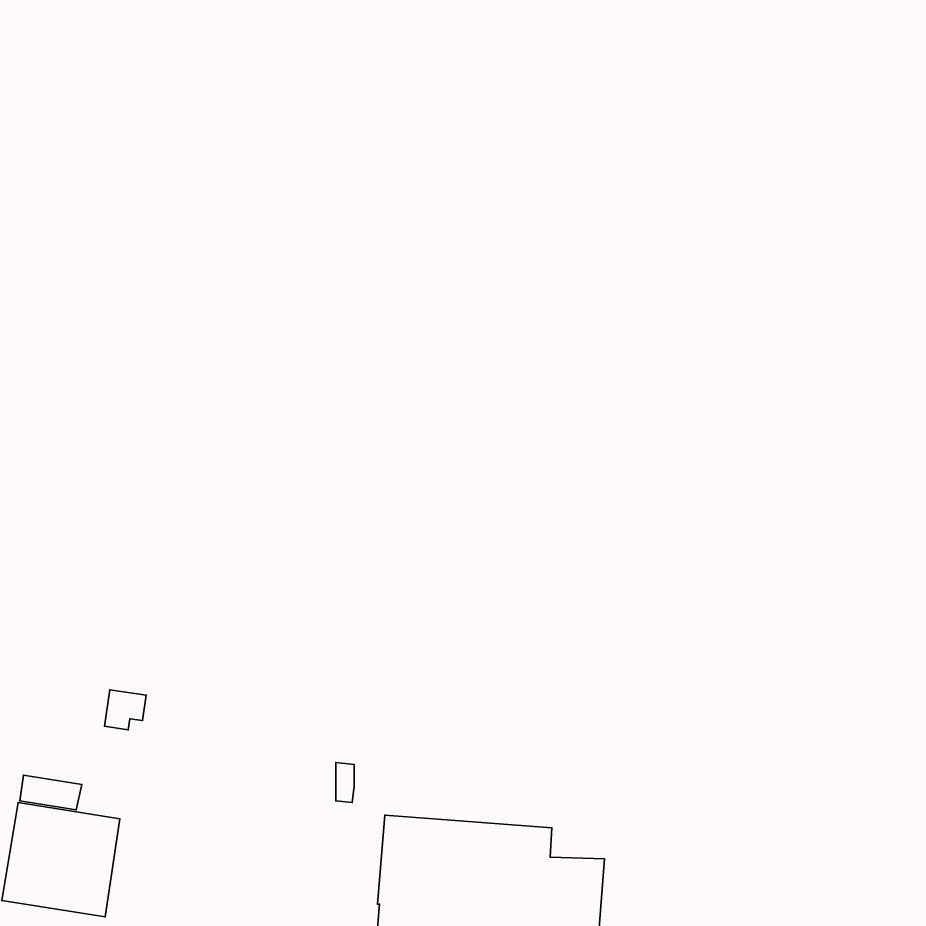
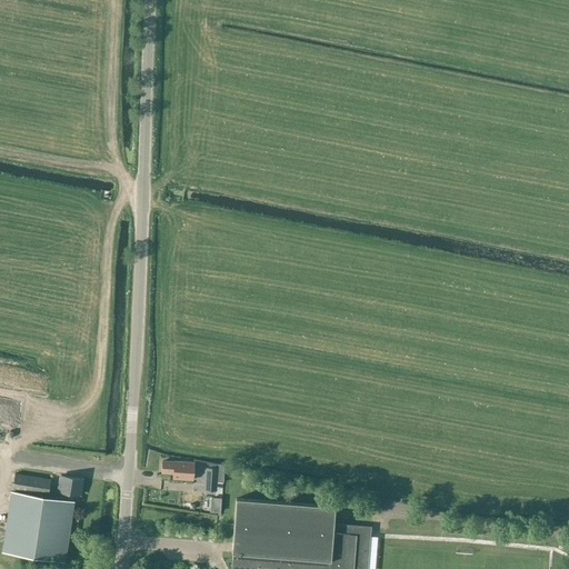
building: [105,690,146,730] -> [58,477,83,501]
building: none -> [162,462,194,481]

